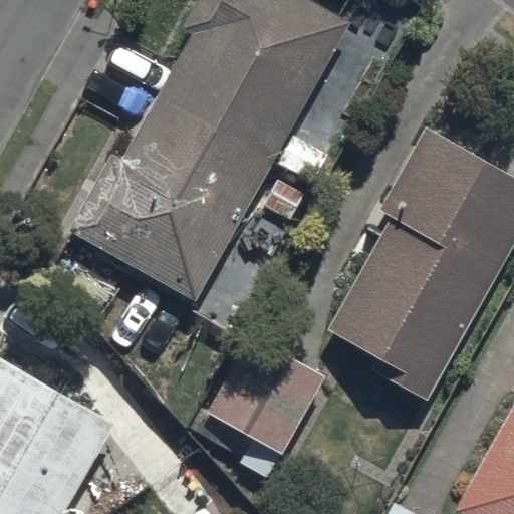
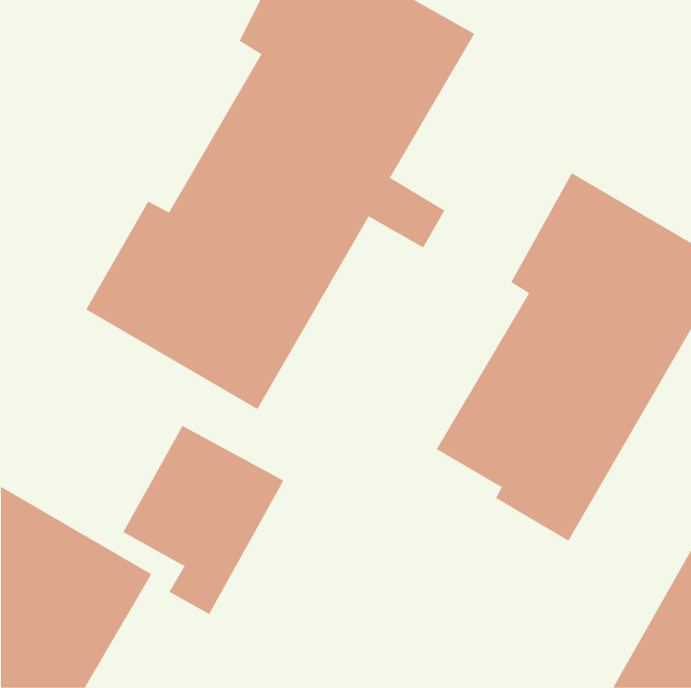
building: [205,336,324,477] -> [122,425,284,615]

